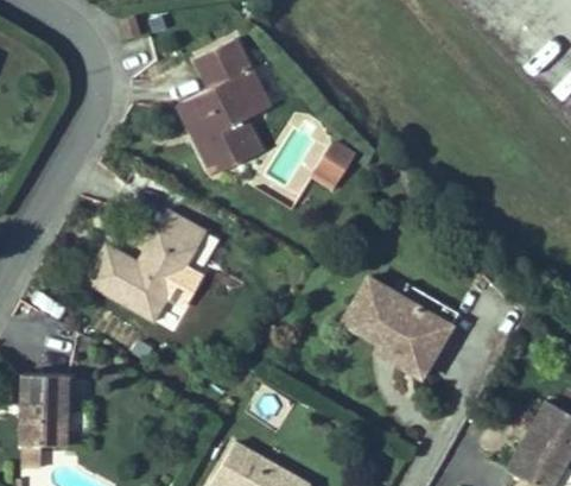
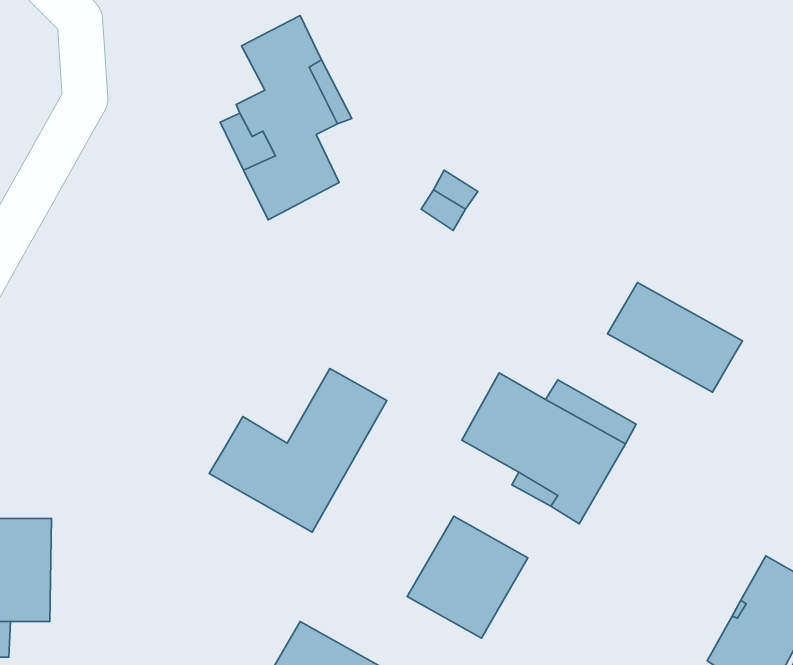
building: [87,212,205,321] -> [209,369,387,532]
building: none -> [607,283,743,392]
building: none -> [407,516,528,638]

